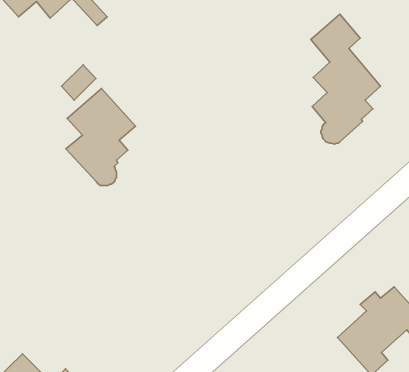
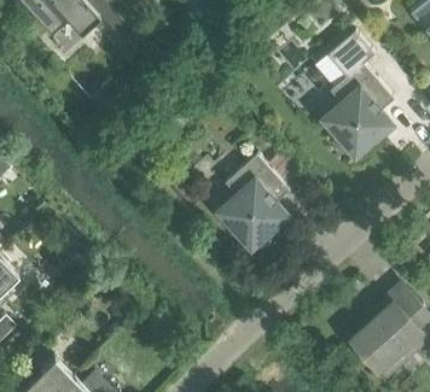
building: [66,88,136,186] -> [223,154,290,247]

